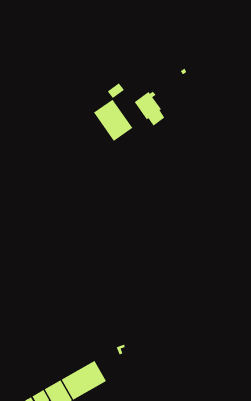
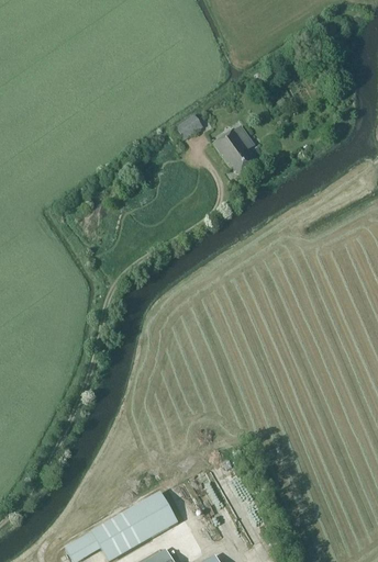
building: [93,99,133,142] -> none

